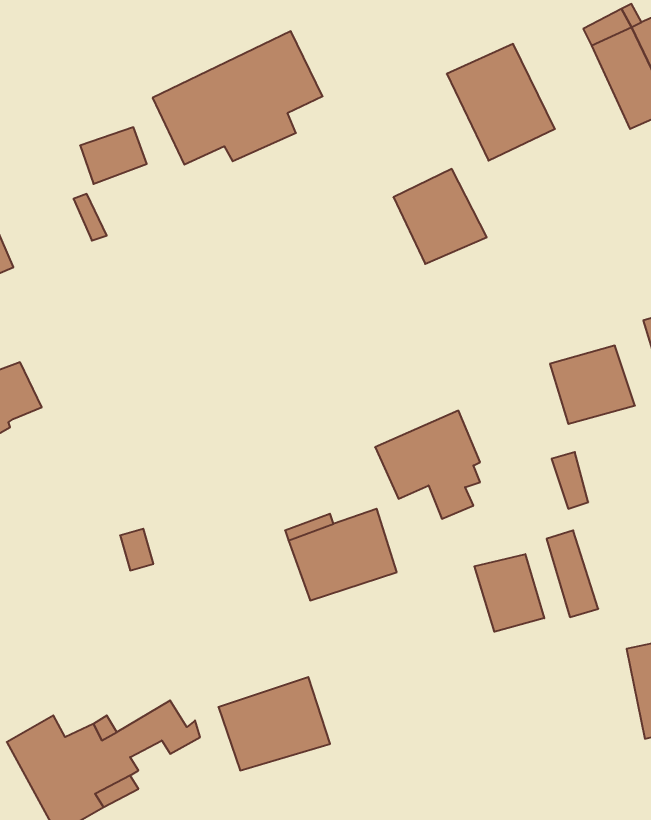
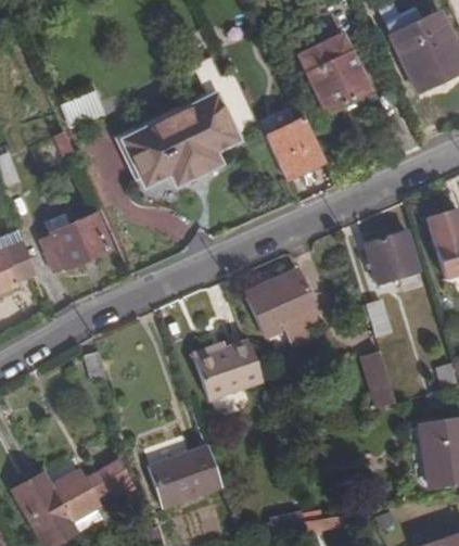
building: [153,31,323,165] -> [125,93,235,180]
building: none -> [40,214,110,269]
building: [474,554,544,632] -> none

